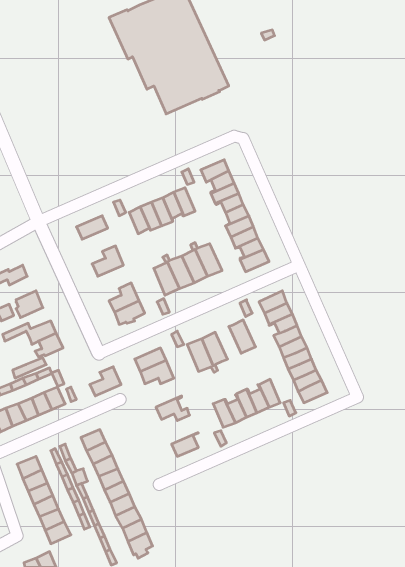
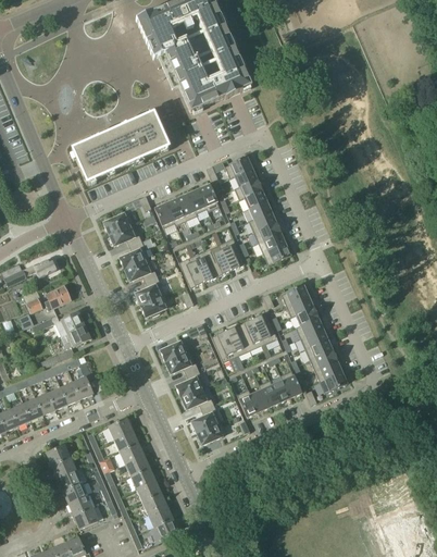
building: none -> [71,110,167,181]
building: none -> [109,222,141,245]
building: none -> [124,258,157,281]
building: none -> [238,318,267,350]
building: [90,367,121,396] -> [175,368,205,396]
building: none -> [191,404,221,432]

